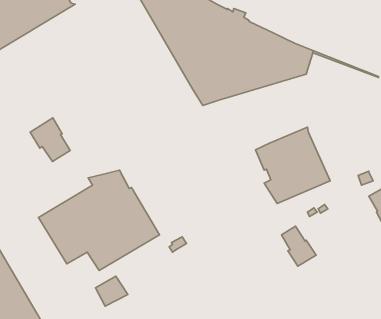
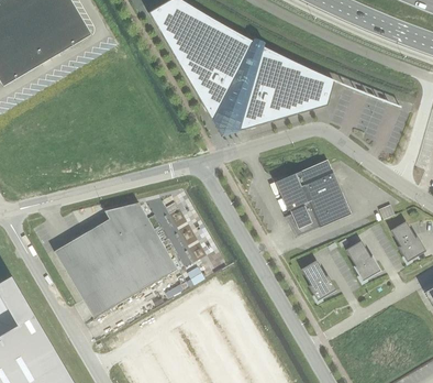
building: [30,118,70,161] -> none
building: none -> [345,239,380,280]
building: [95,276,128,306] -> [82,285,115,316]

